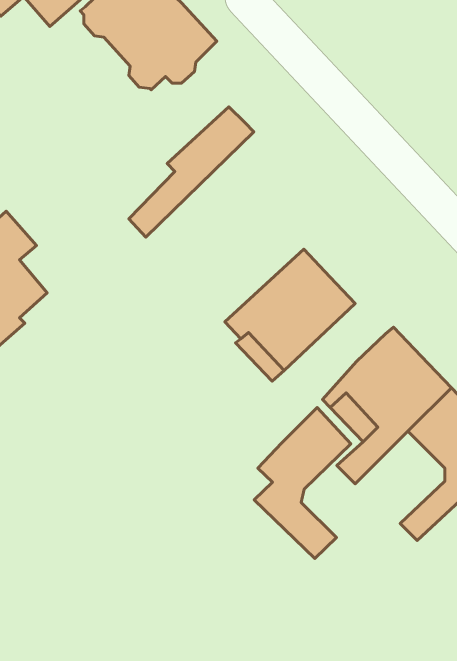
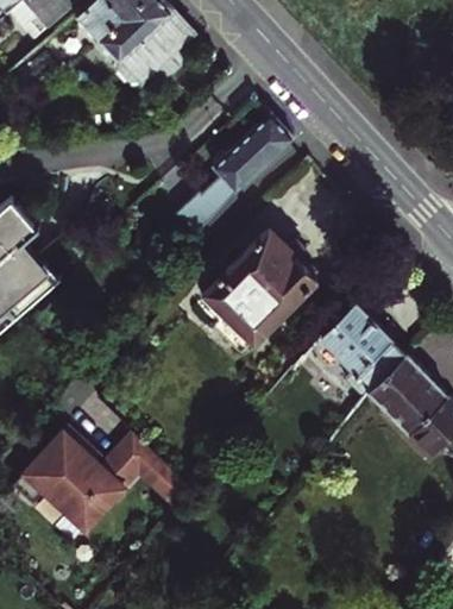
building: [129,107,254,237] -> [182,118,295,236]
building: [254,407,351,558] -> none
building: none -> [19,431,188,535]

